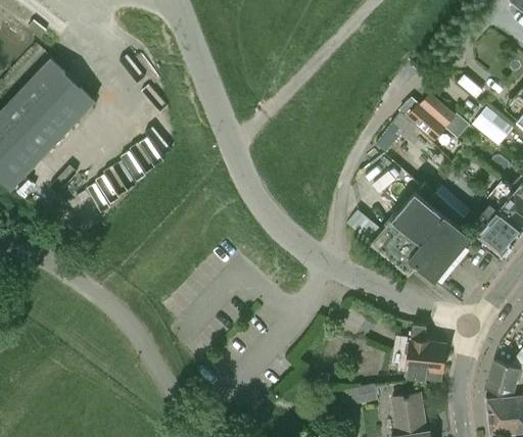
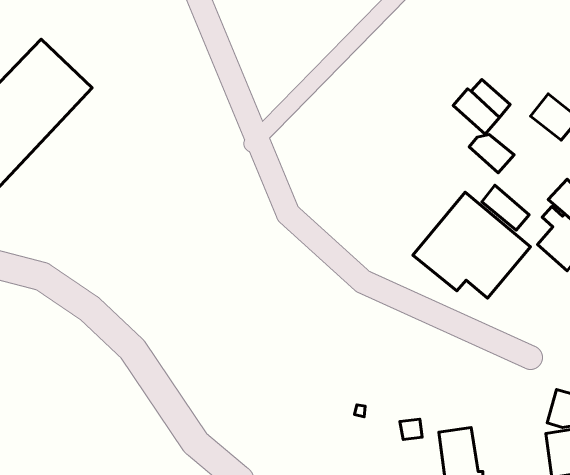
building: none -> [469,134,514,173]
building: [406,324,447,379] -> none

